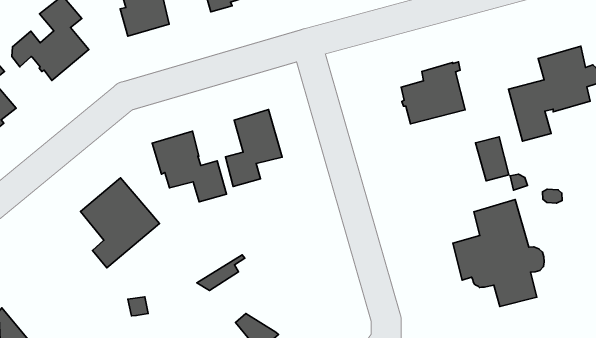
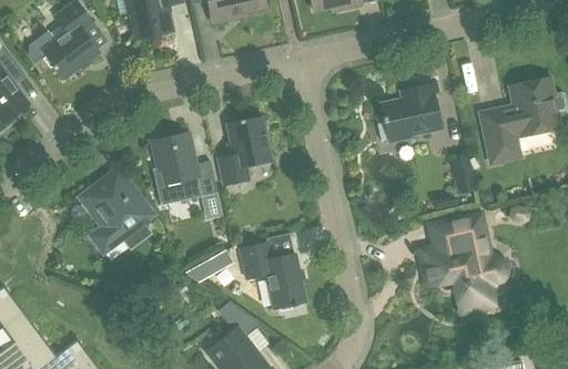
building: none -> [240,244,303,310]

